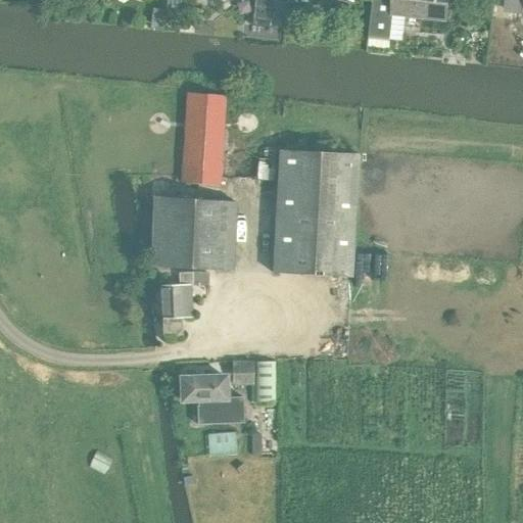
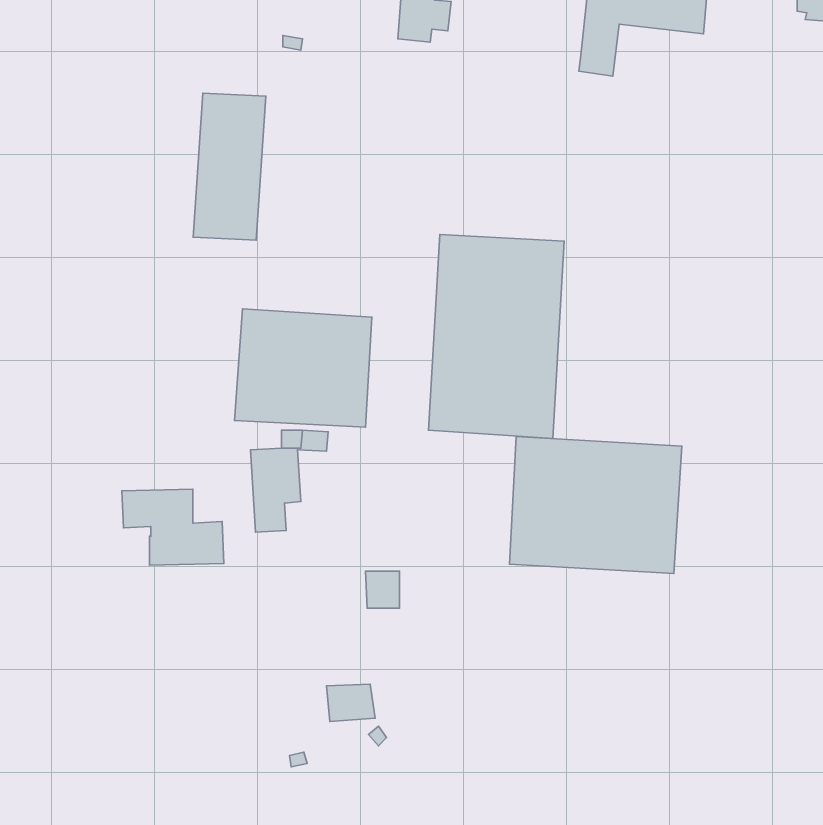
building: [181,92,227,185] -> [193,93,266,240]
building: none -> [510,437,682,573]
building: [181,375,245,423] -> [122,489,224,565]

